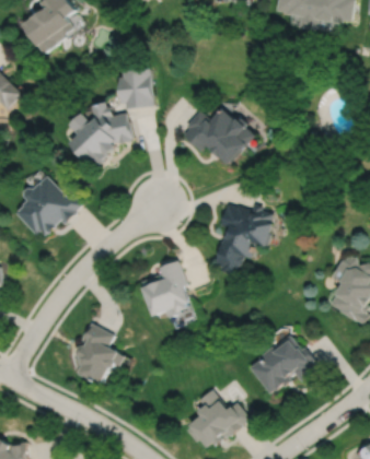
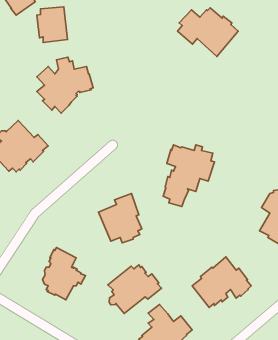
building: [117,67,153,108] -> [37,7,68,42]
building: [184,107,255,164] -> [177,8,238,56]
building: none -> [108,265,161,314]

